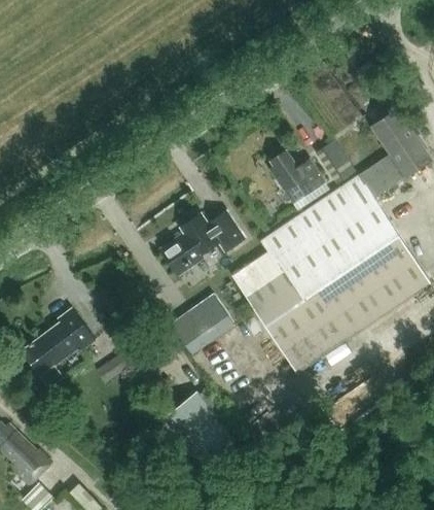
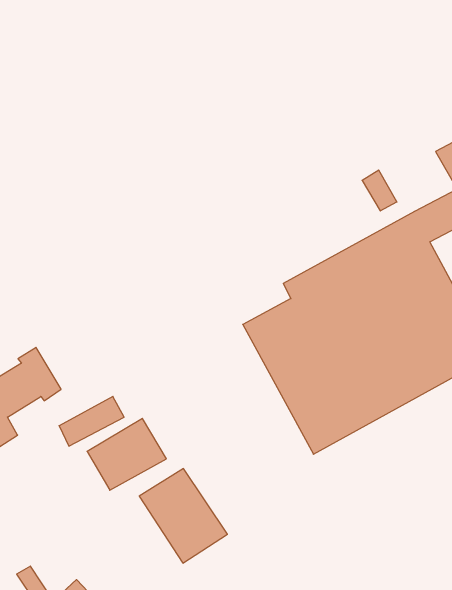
building: [270,151,325,204] -> none
building: [161,211,245,272] -> none
building: [172,294,234,352] -> [87,418,166,490]

